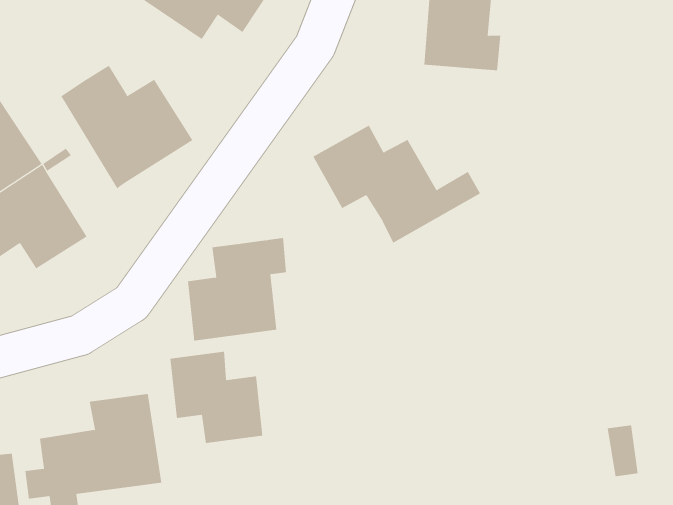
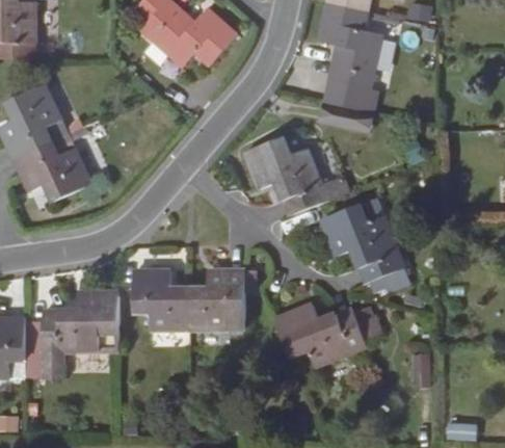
building: [61,65,193,189] -> none
building: none -> [320,197,408,291]
building: [187,238,287,341] -> [188,269,256,328]
building: none -> [274,304,380,366]

